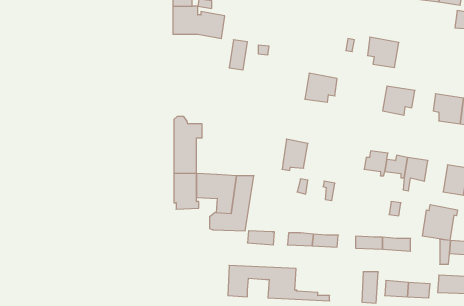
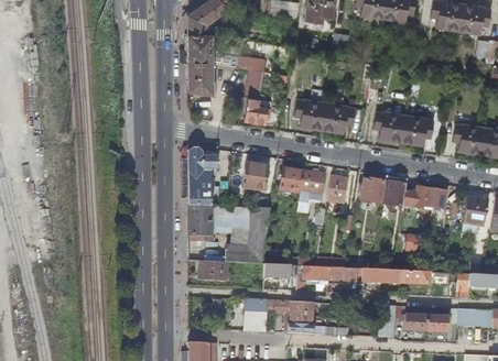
building: none -> [187,63,217,95]
building: [368,37,399,67] -> [374,110,405,141]
building: none -> [237,96,271,123]
building: none -> [294,98,326,129]
building: none -> [241,161,269,190]
building: none -> [280,166,303,193]
building: none -> [327,174,349,203]
building: none -> [358,177,385,204]
building: [422,205,457,240] -> none
building: none -> [194,260,228,281]

